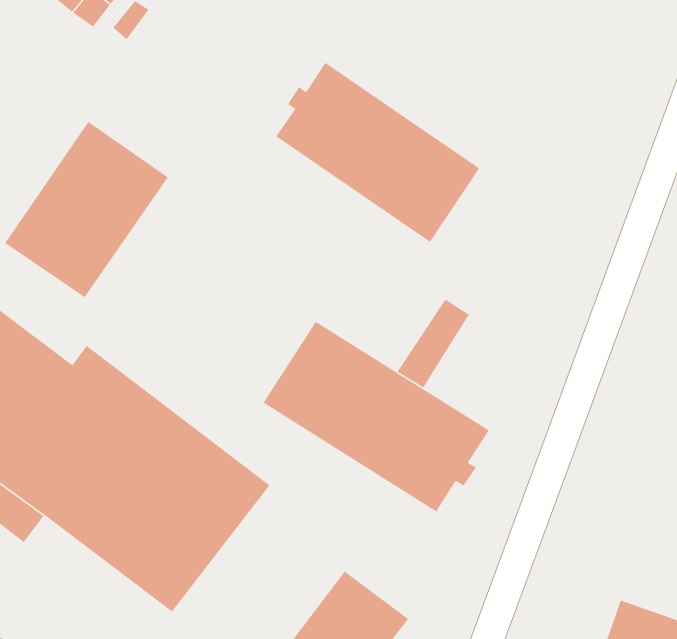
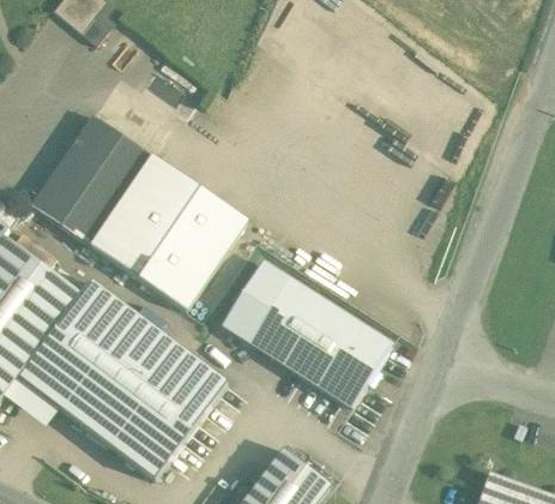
building: [275,62,480,243] -> none
building: none -> [90,155,247,311]
building: [397,298,470,389] -> none

